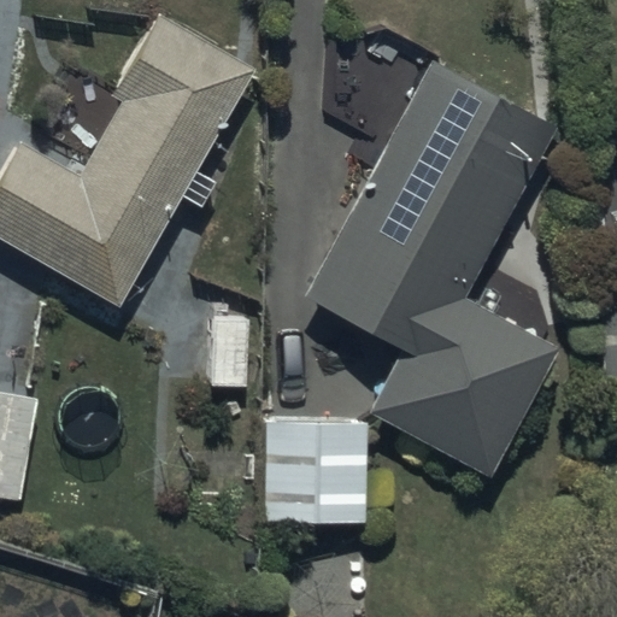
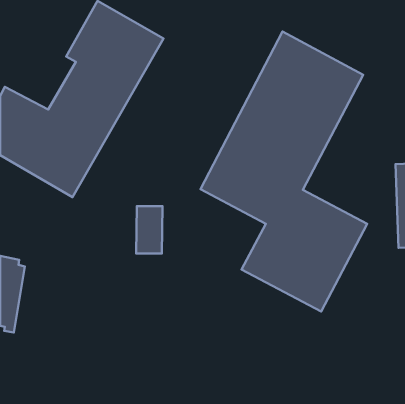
building: [265,421,369,523] -> none

